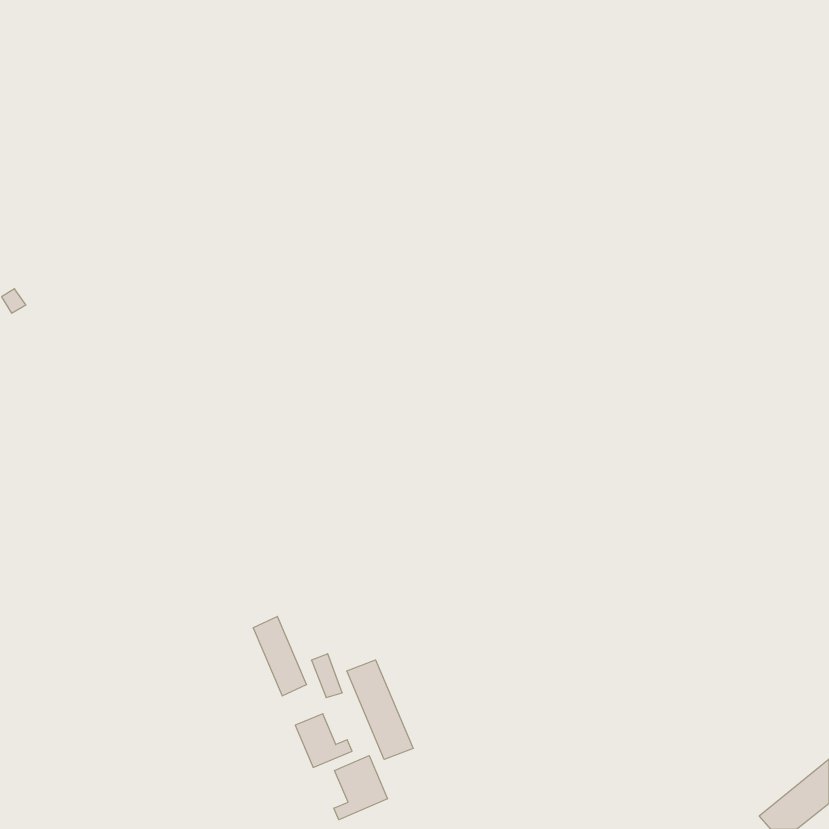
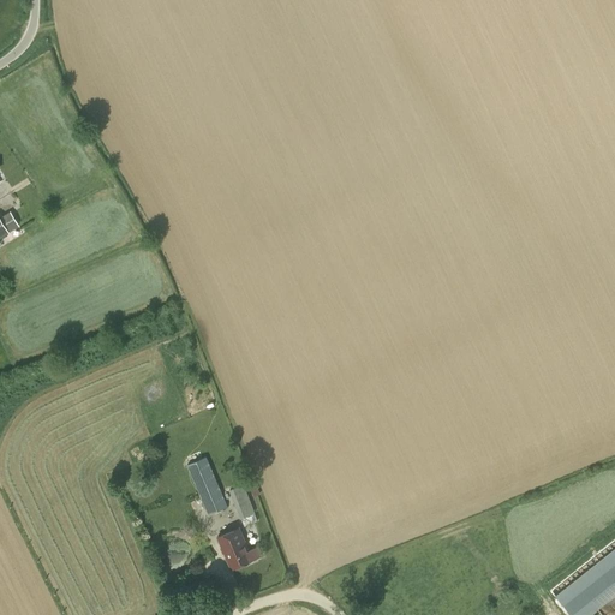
building: [347,660,413,759] -> none
building: [334,756,387,820] -> none

